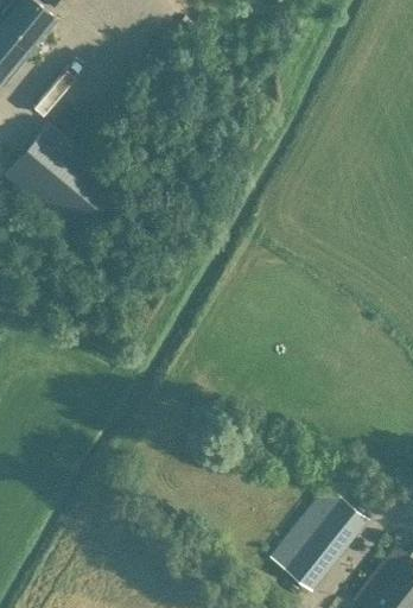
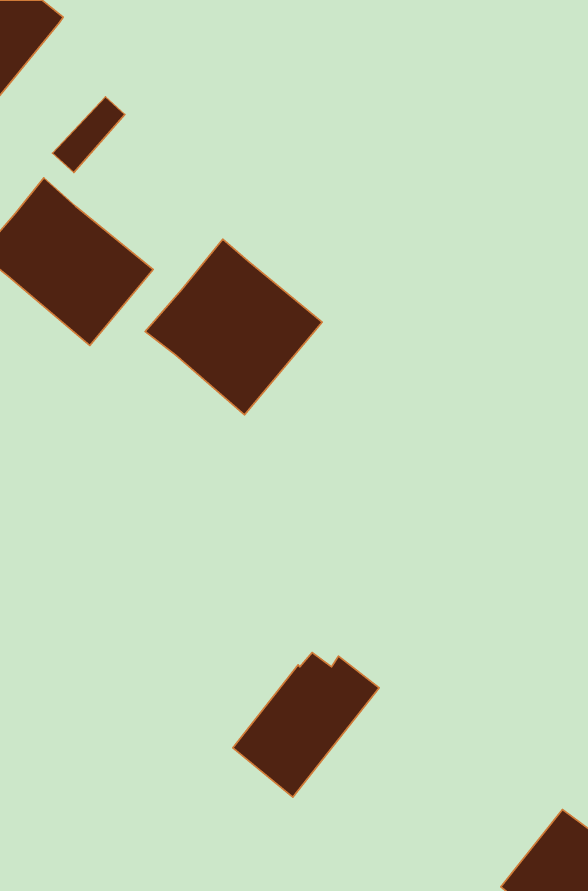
building: none -> [145,239,322,415]
building: [268,494,367,591] -> [233,653,379,797]

